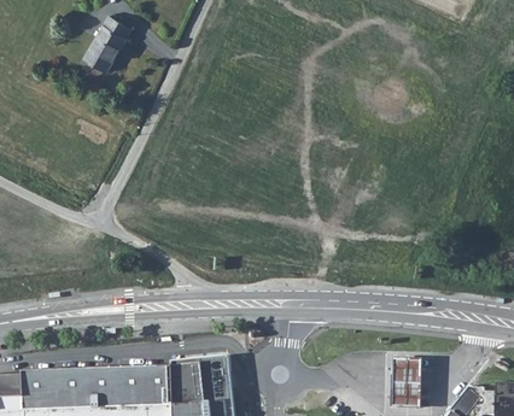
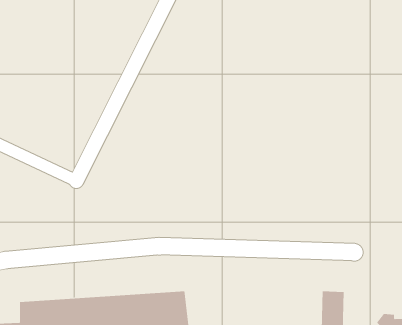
building: [83,14,132,70] -> none

